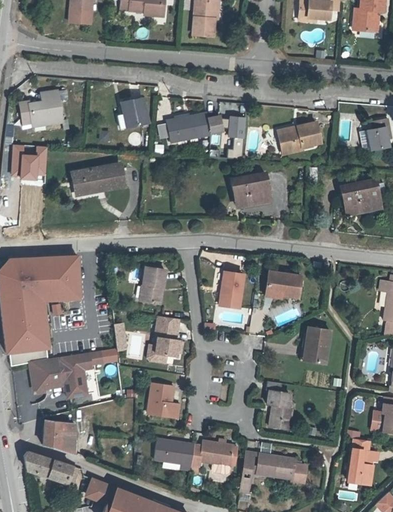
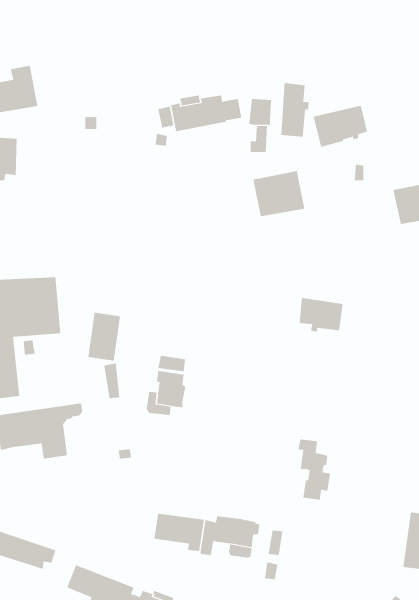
building: [121,97,149,128] -> none
building: none -> [281,82,309,137]
building: [70,162,125,198] -> none
building: [140,266,166,304] -> [88,312,121,361]
building: [220,272,244,308] -> none
building: [306,327,330,364] -> none
building: [149,382,181,419] -> none
building: [43,419,75,455] -> none
building: [257,454,306,481] -> none

